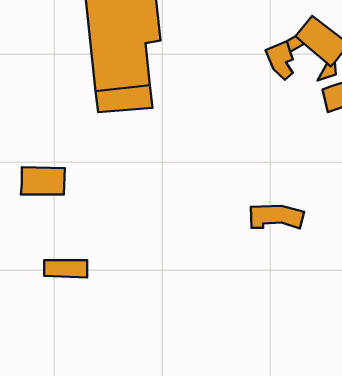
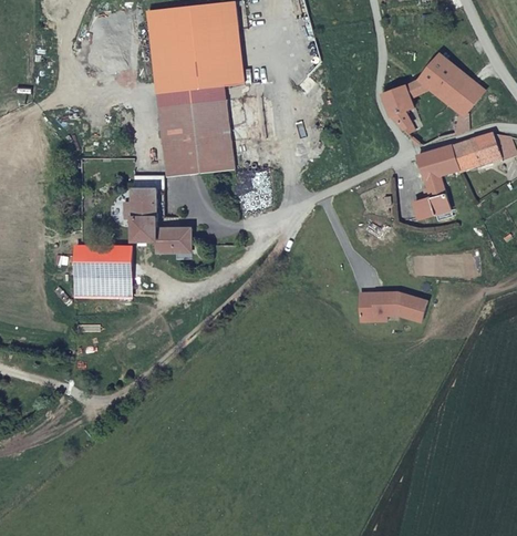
building: none -> [414,145,457,223]
building: none -> [131,177,189,245]
building: [44,260,87,278] -> [70,278,124,300]

